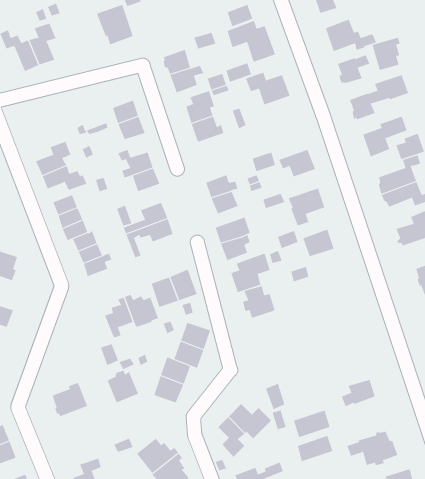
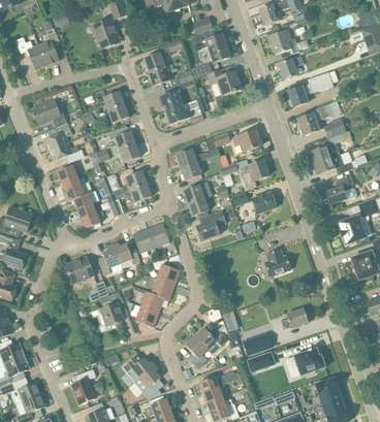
building: [372,37,400,71] -> none
building: none -> [31,99,67,127]
building: [242,285,276,319] -> [264,249,290,274]
building: [52,382,88,417] -> [66,256,94,283]

